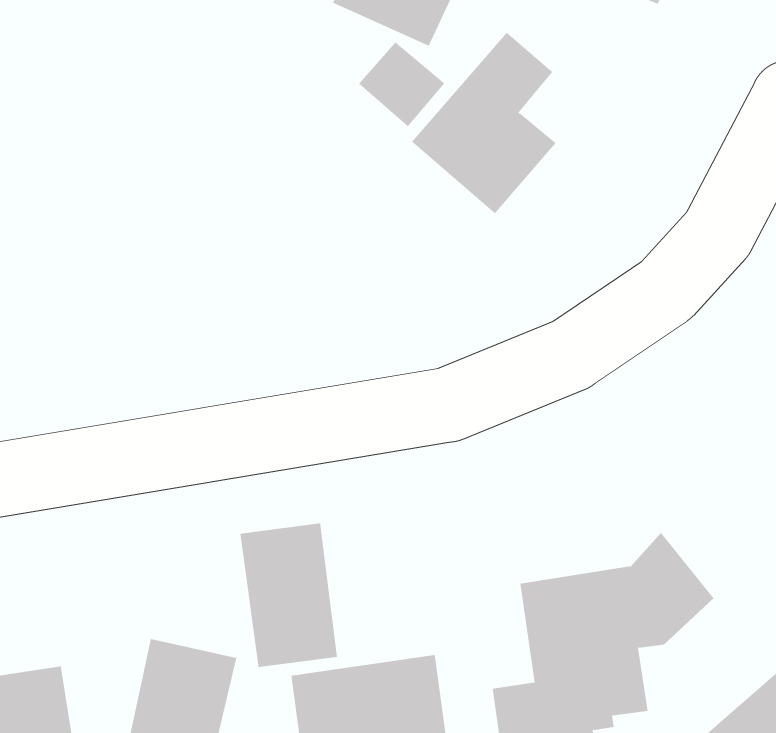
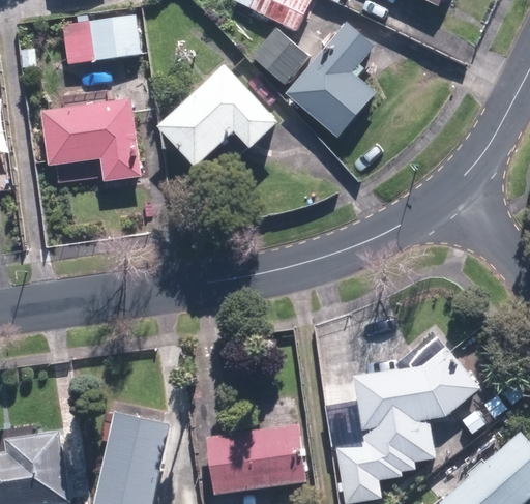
building: none -> [61,14,141,63]
building: none -> [158,67,278,170]
building: none -> [40,98,142,181]
building: [240,522,338,668] -> none

